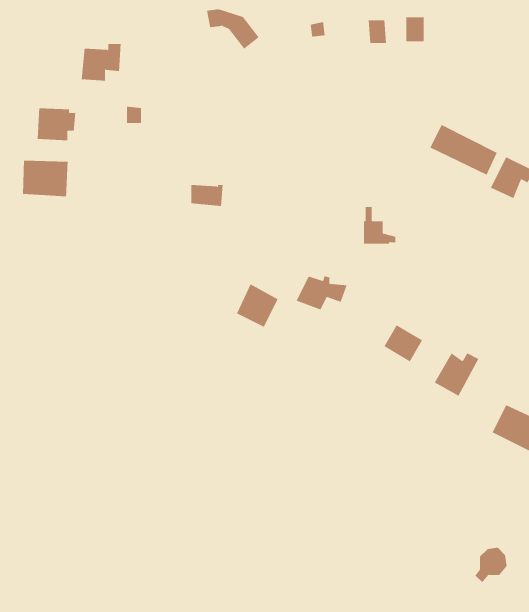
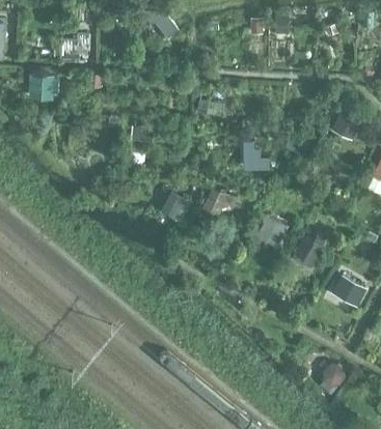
building: [430,124,497,176] -> none
building: [22,160,68,197] -> none

